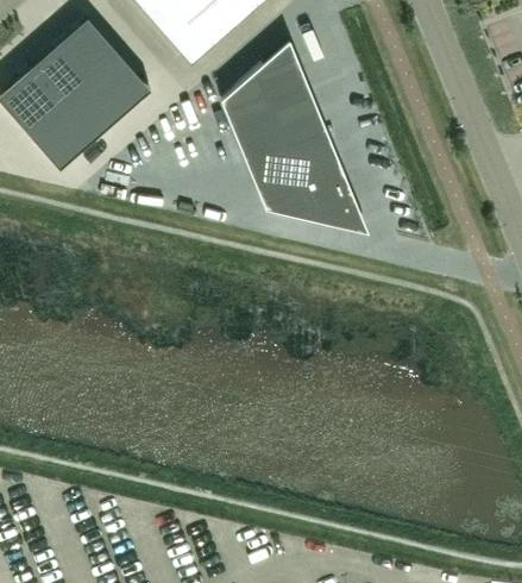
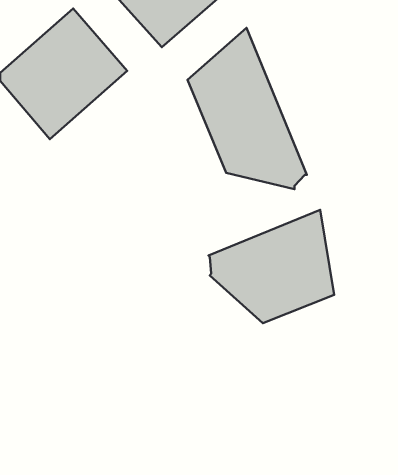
building: none -> [209,210,334,323]

